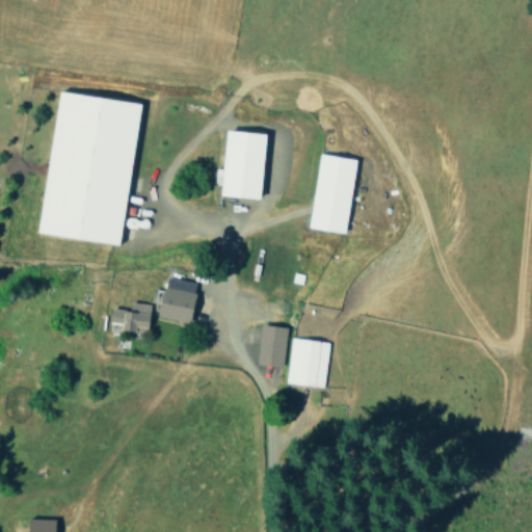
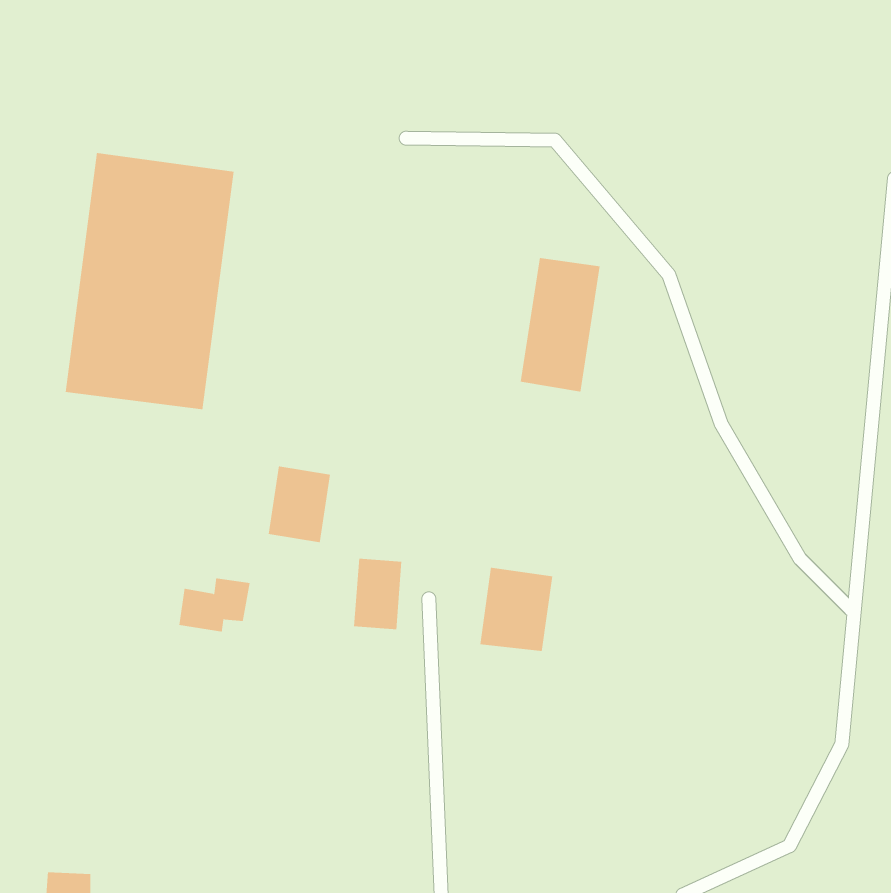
building: [222,130,268,200] -> none
building: [110,302,153,335] -> [179,578,250,632]
building: [259,325,288,368] -> [353,558,402,630]

